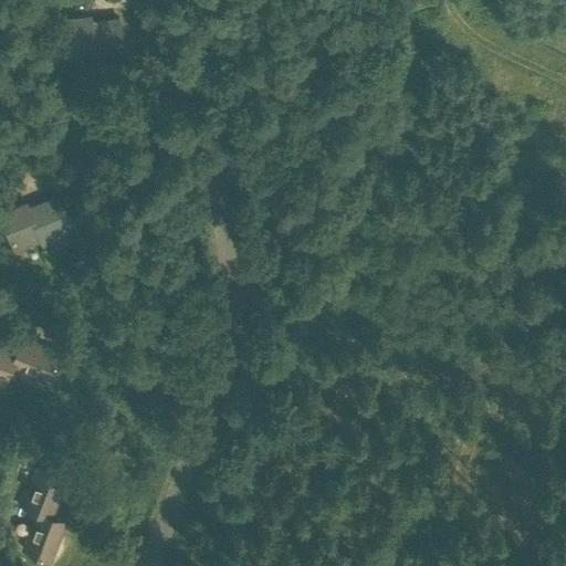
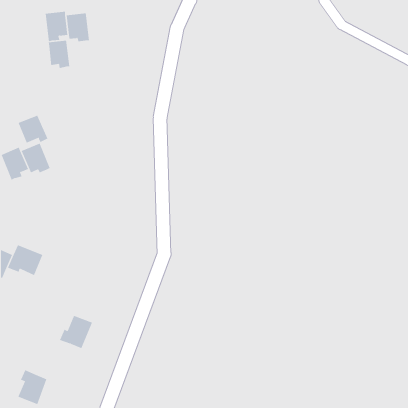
building: none -> [48,40,70,69]
building: none -> [18,115,48,144]
building: [21,472,67,518] -> [59,315,93,349]

